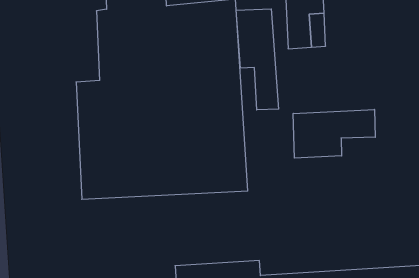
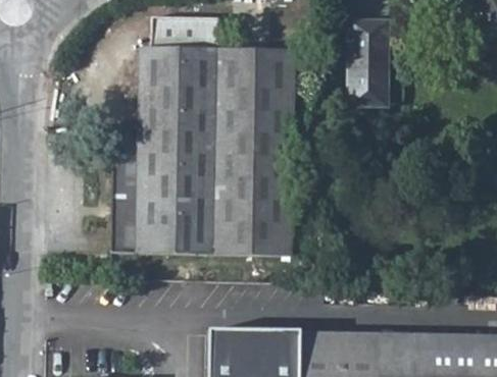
building: [236,9,279,110] -> none
building: [293,109,375,158] -> none

